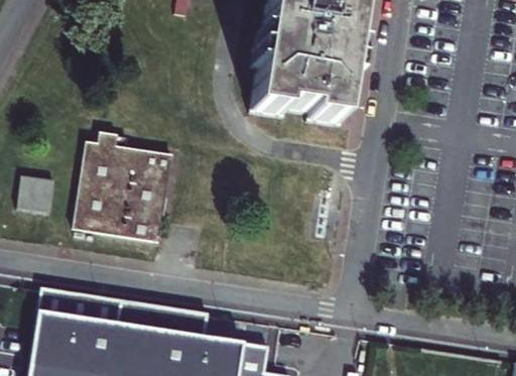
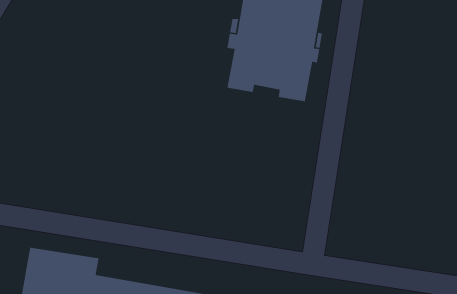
building: [72,131,170,241] -> none
building: [15,173,53,212] -> none

